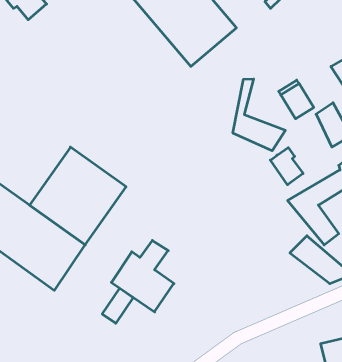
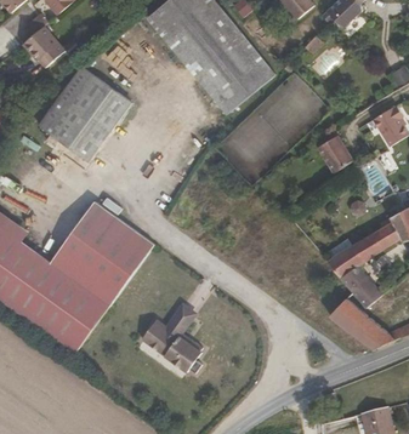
building: none -> [38,64,130,159]
building: [233,79,285,151] -> none
building: [270,148,303,185] -> none
building: [102,288,133,323] -> none

